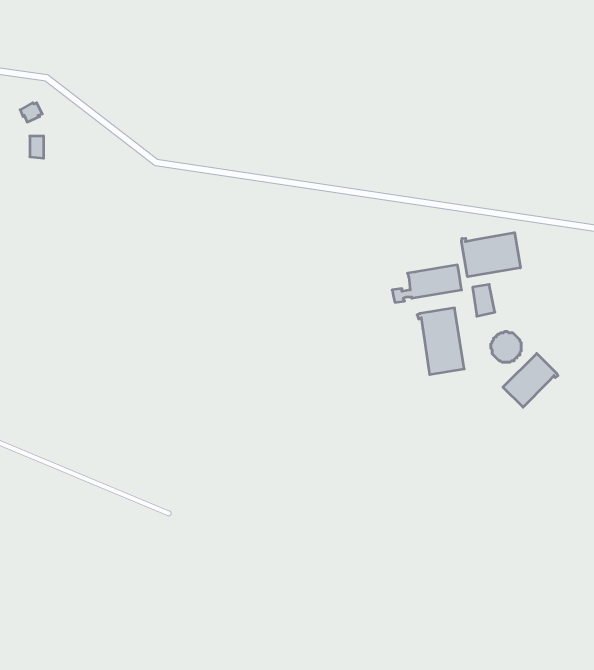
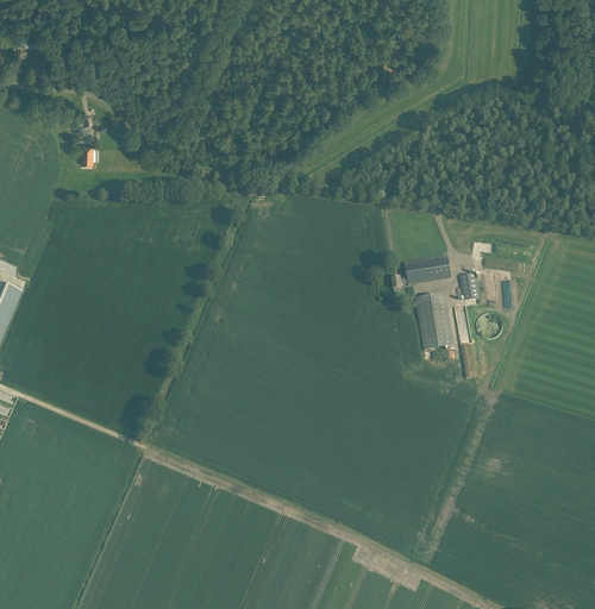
building: [462,233,520,277] -> none
building: [503,353,558,407] -> none

